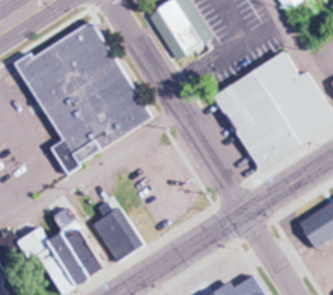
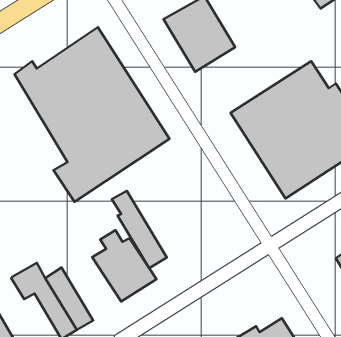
building: [56,210,103,277] -> [112,191,167,268]

